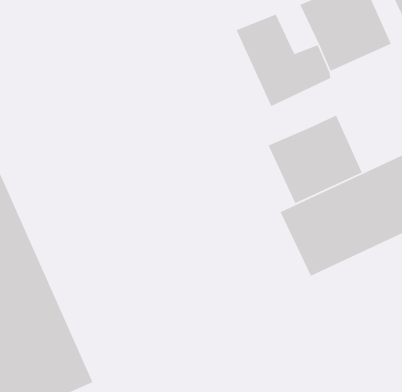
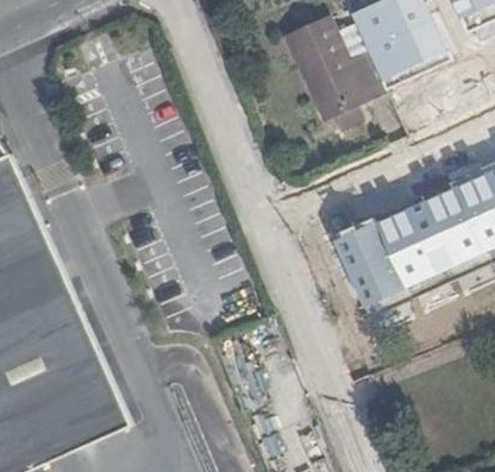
building: [268,115,363,204] -> none

